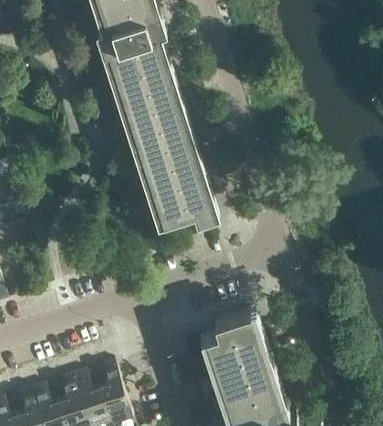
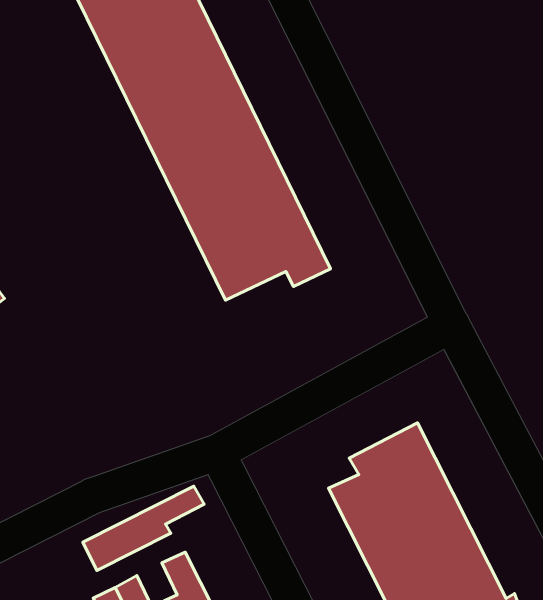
building: none -> [83,486,204,570]

